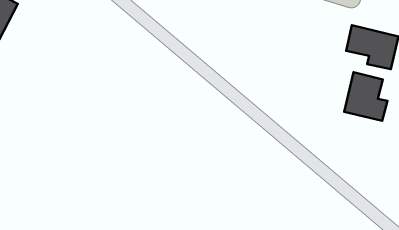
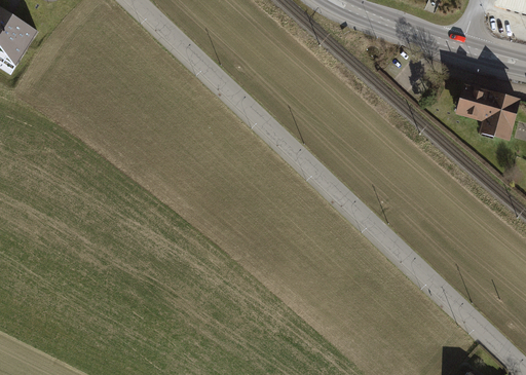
building: [344,72,387,121] -> none

